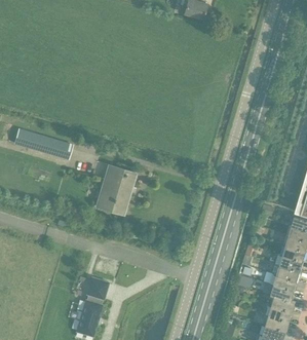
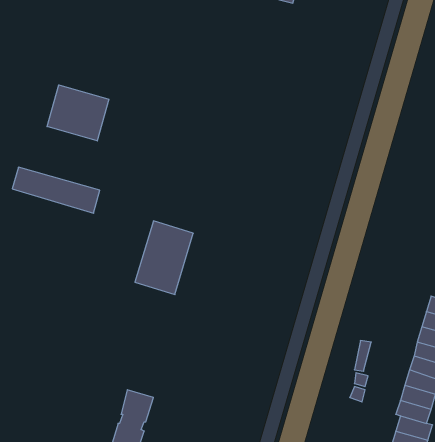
building: none -> [47,85,109,141]

